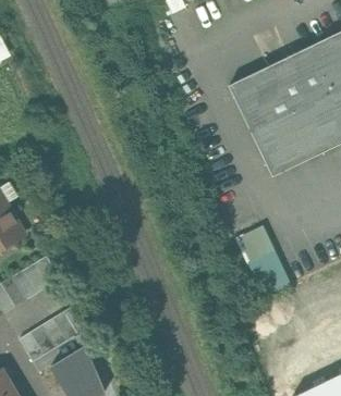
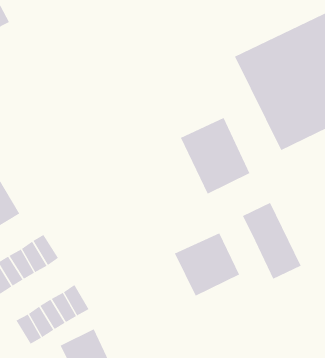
building: none -> [180,117,250,194]
building: none -> [174,232,240,296]

